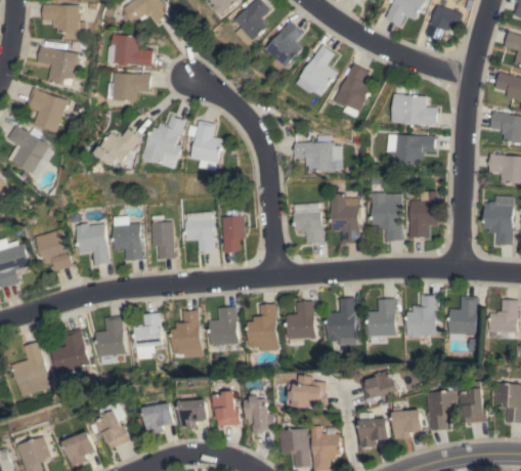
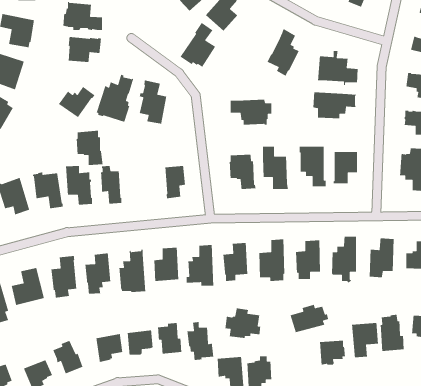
building: [297,44,338,95] -> [179,22,216,68]
building: [184,211,215,251] -> [76,130,104,166]
building: [359,413,389,447] -> none

